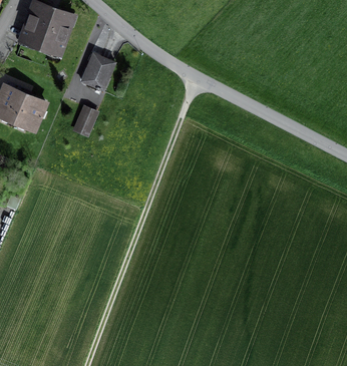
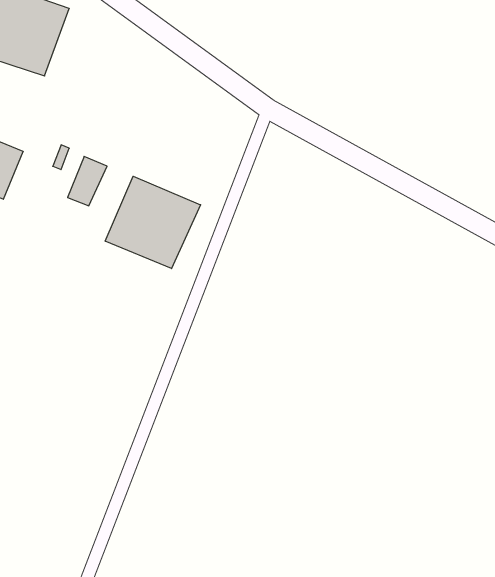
building: [82,54,112,88] -> none
building: none -> [105,176,201,269]

